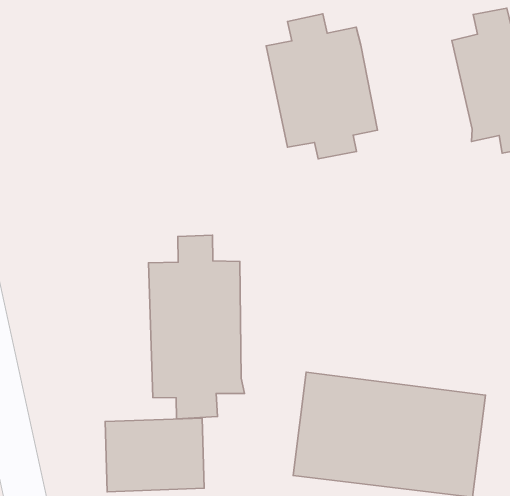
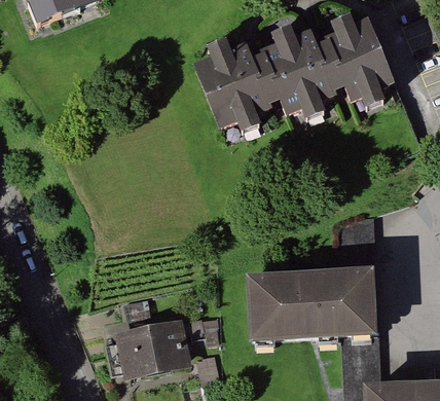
building: none -> [251,23,334,119]
building: [149,235,245,419] -> none

